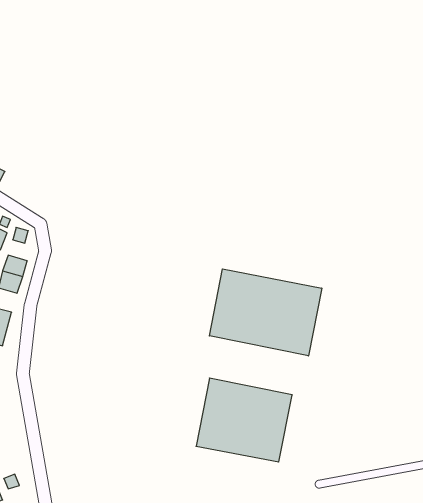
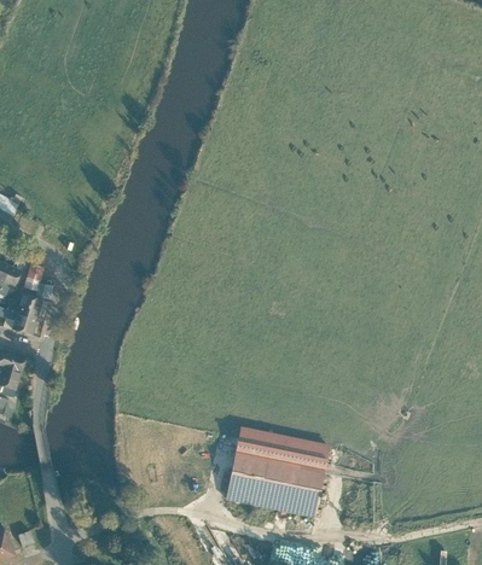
building: [209,269,322,356] -> none

